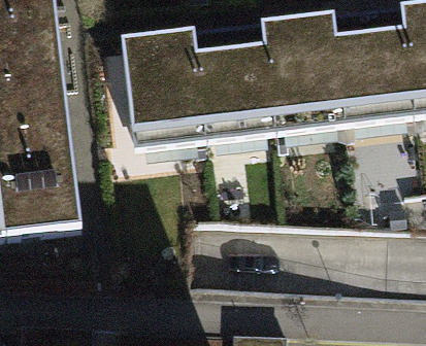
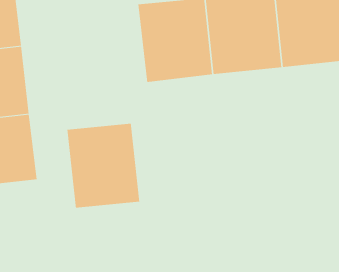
building: [118,38,193,127] -> none
building: none -> [67,123,140,209]

